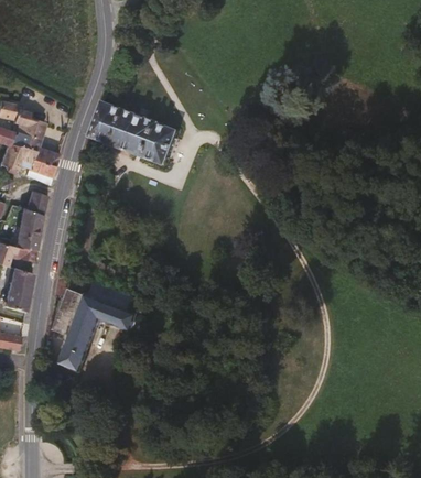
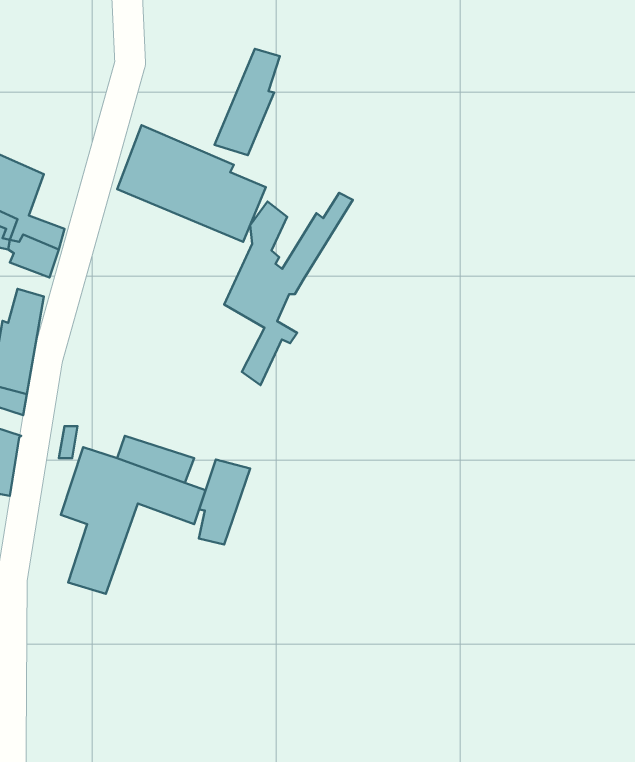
building: none -> [215,49,280,155]
building: none -> [224,193,353,385]
building: none -> [199,460,250,545]

